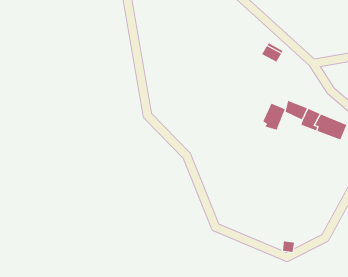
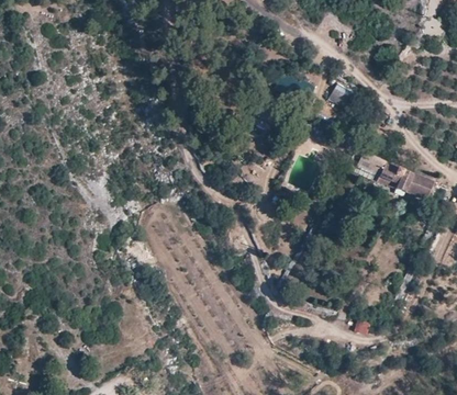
building: [263,103,286,131] -> none

